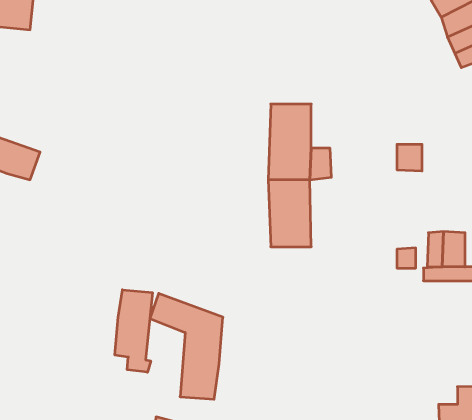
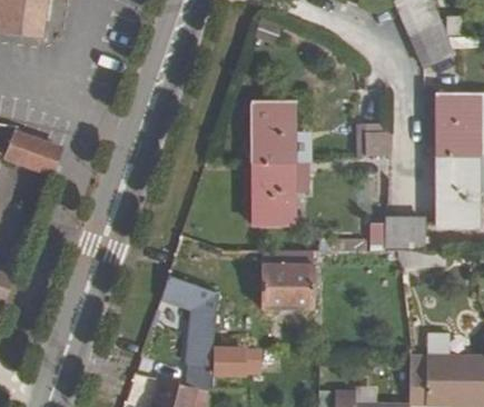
building: none -> [259,249,313,310]
building: [115,290,152,372] -> none
building: none -> [213,344,259,368]

